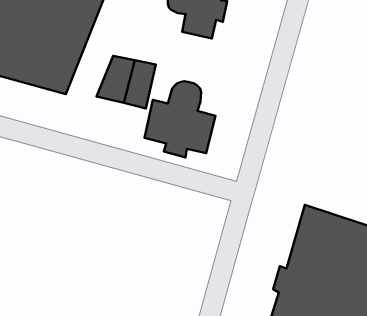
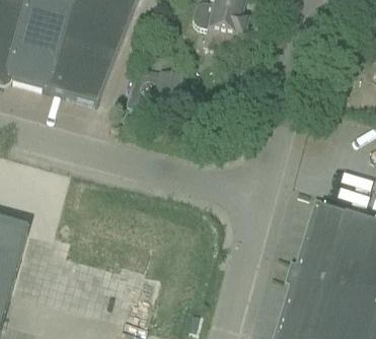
building: [145,81,216,157] -> none

